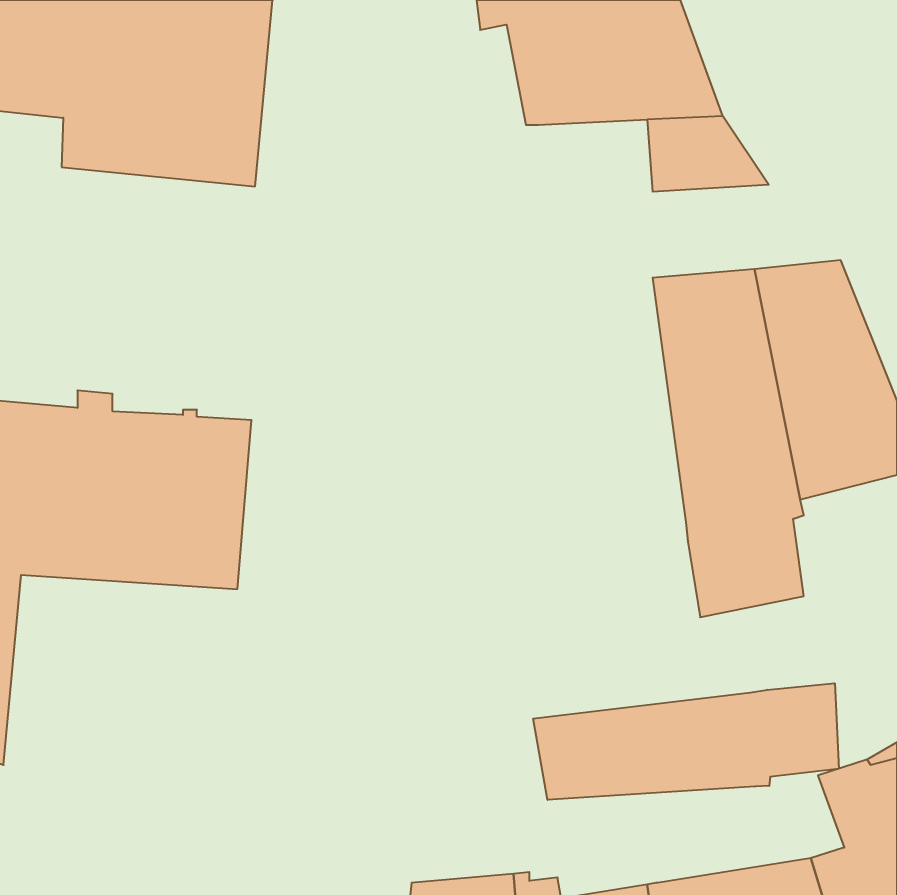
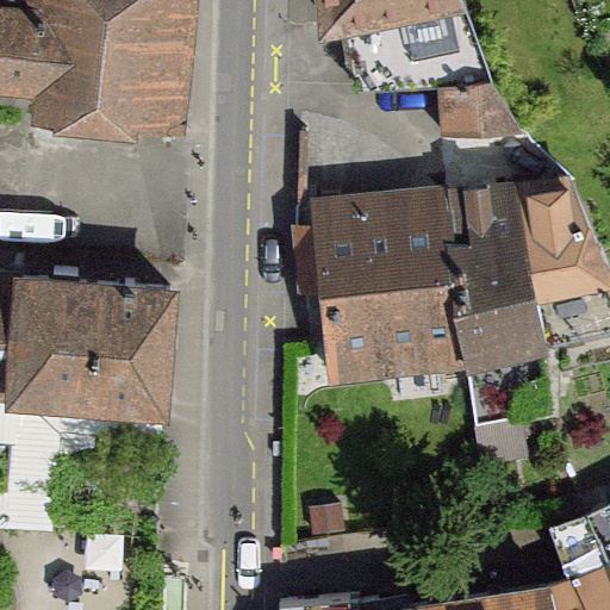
building: none -> [294,191,465,373]
building: [533,683,839,800] -> none

